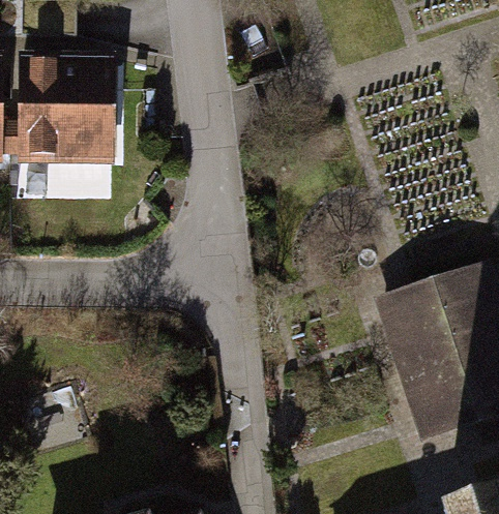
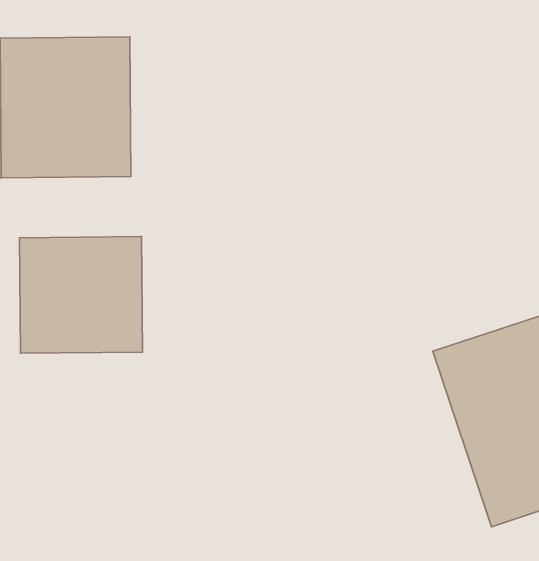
building: none -> [20,237,143,353]

